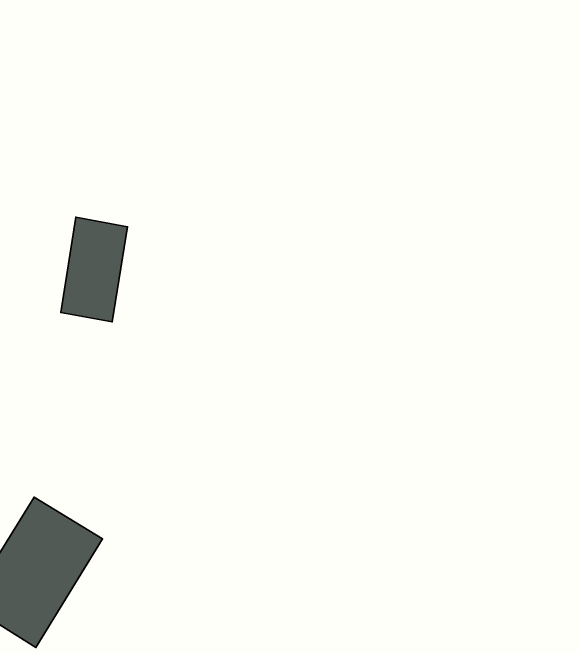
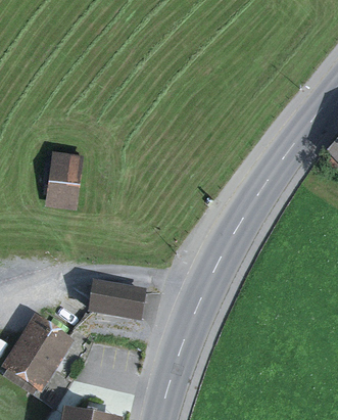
building: none -> [86,288,143,318]

